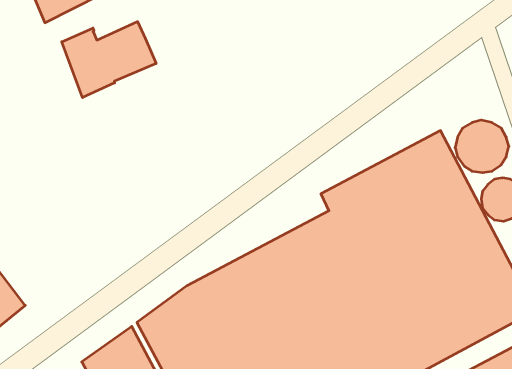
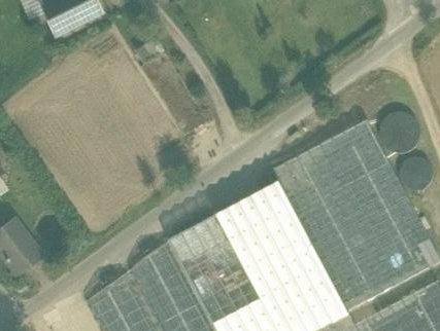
building: [62,22,156,98] -> none

